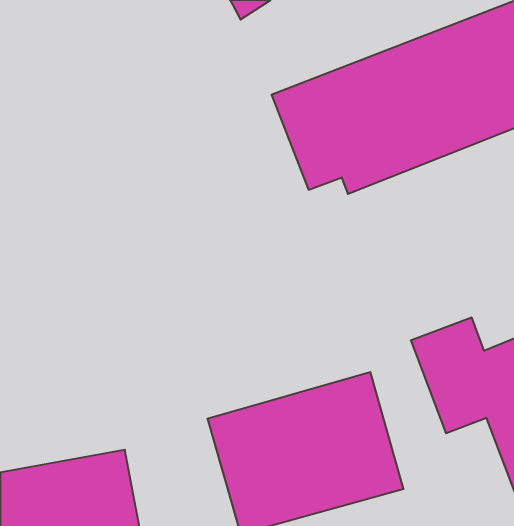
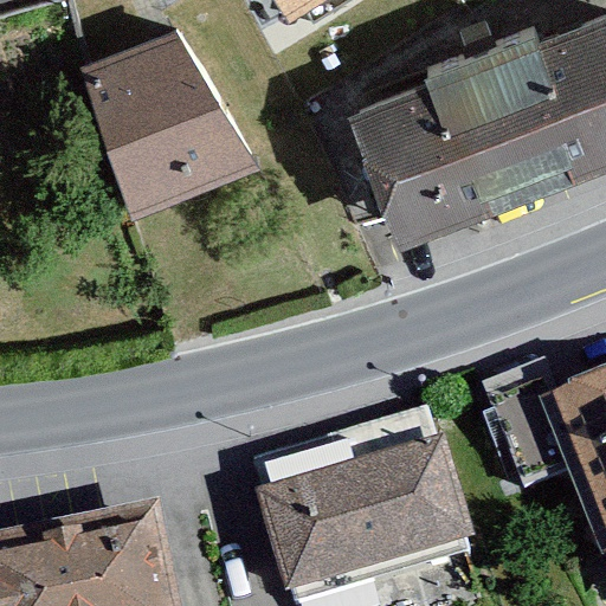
building: none -> [90,38,260,215]

